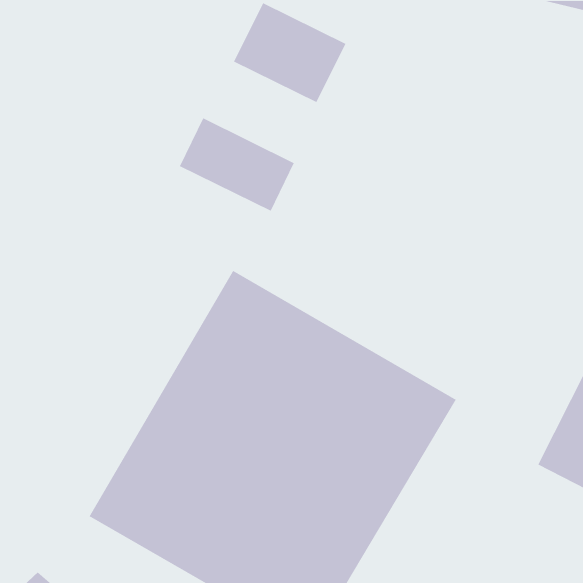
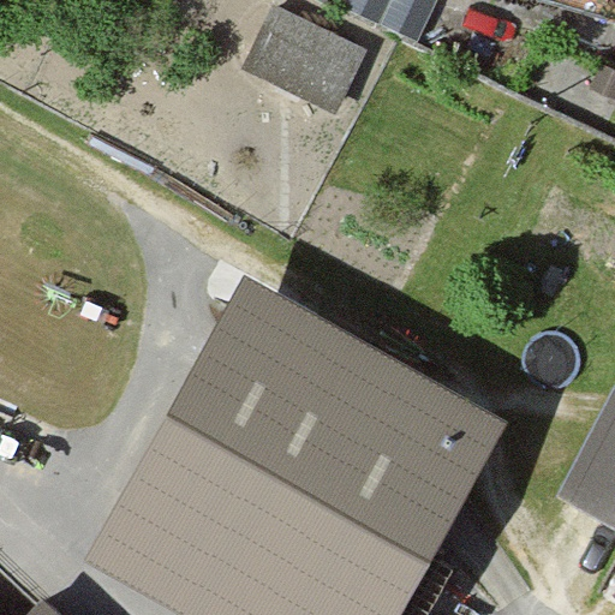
building: [179,117,295,212] -> none

